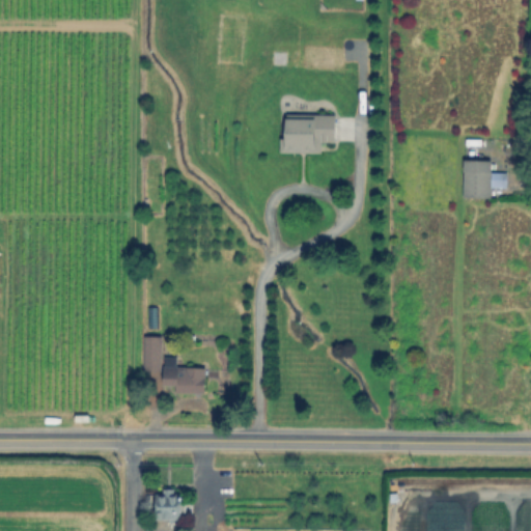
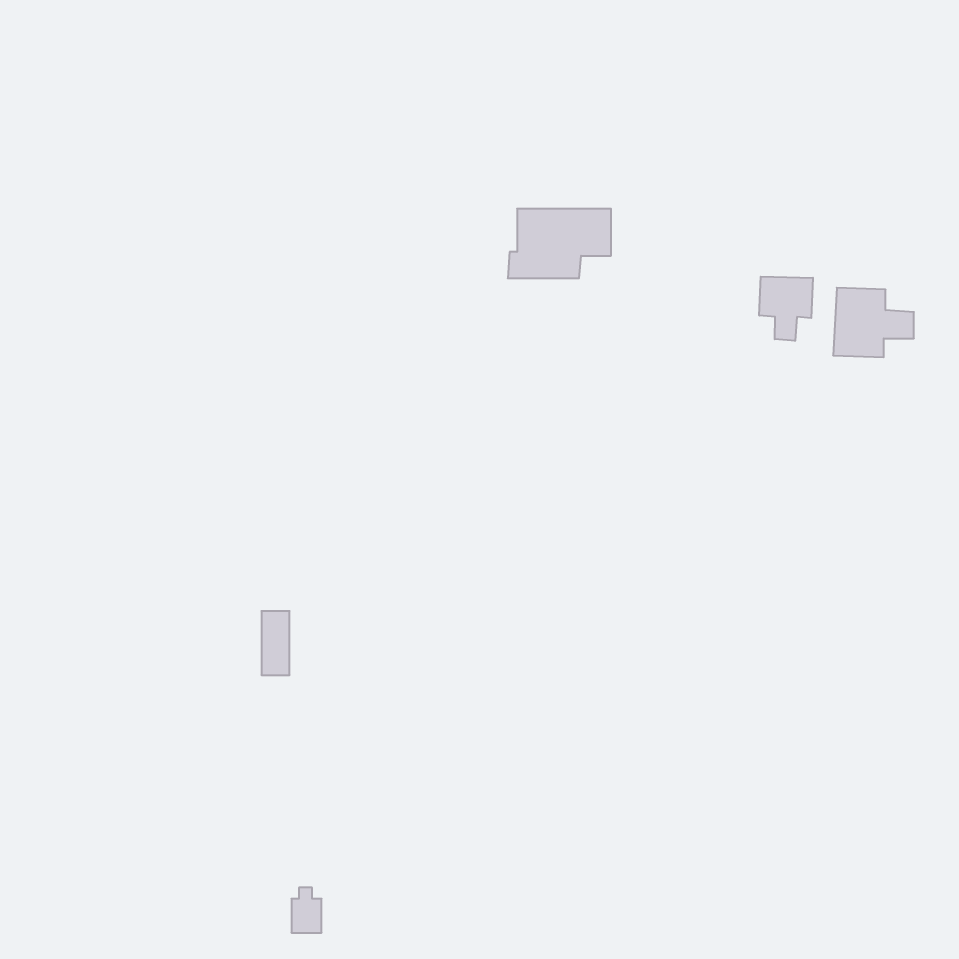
building: none -> [759,277,813,341]
building: [165,359,207,395] -> none

